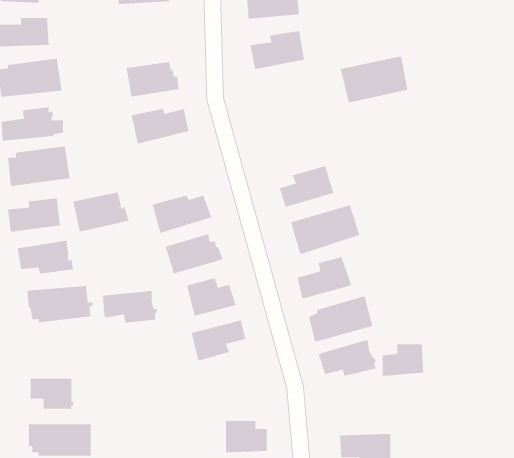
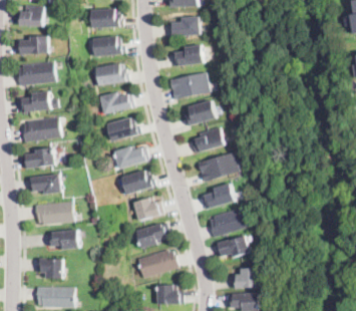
building: none -> [91,36,125,57]
building: [340,56,408,103] -> [168,71,211,100]
building: none -> [185,100,217,125]
building: [73,192,130,232] -> [105,116,140,141]
building: [102,291,157,323] -> [46,230,80,250]
building: [382,344,424,376] -> [232,269,258,289]
building: none -> [136,250,177,278]

